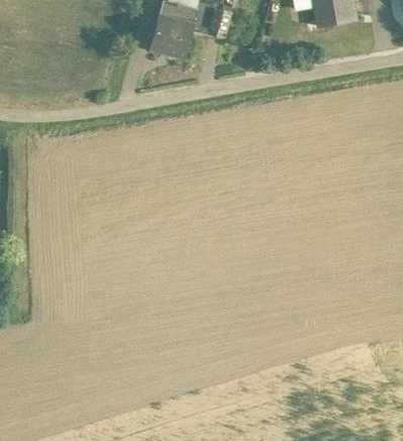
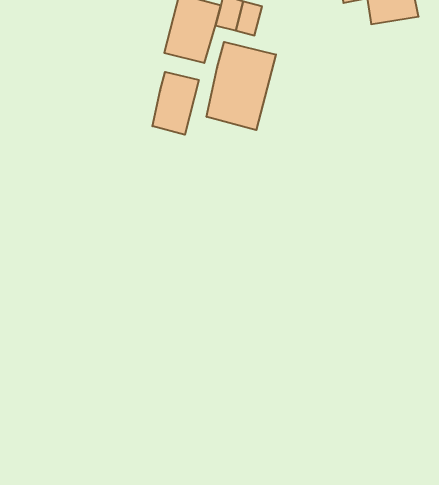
building: none -> [207,42,276,130]
building: none -> [152,72,199,135]

